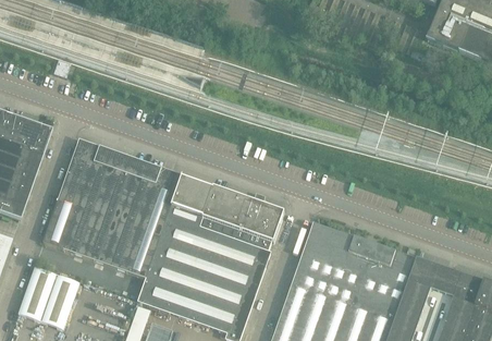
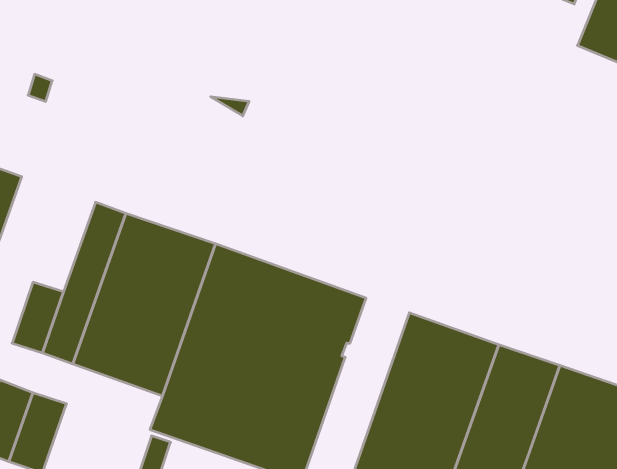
building: [58,137,100,206] -> none

